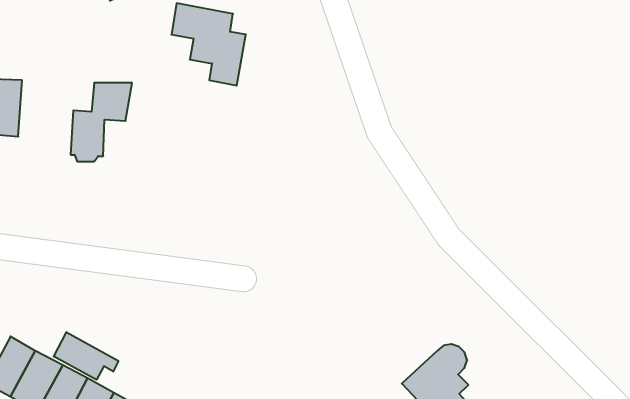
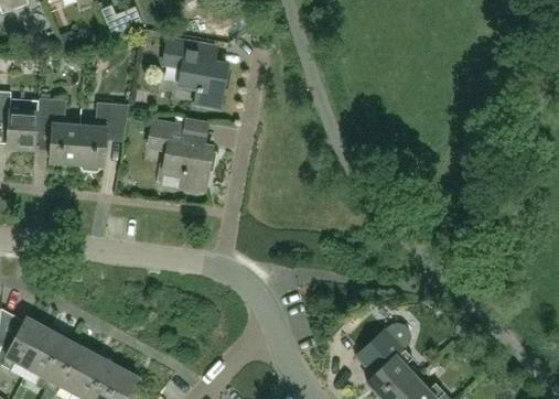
building: none -> [37,98,79,163]
building: none -> [147,116,211,187]
building: [54,332,118,380] -> none

